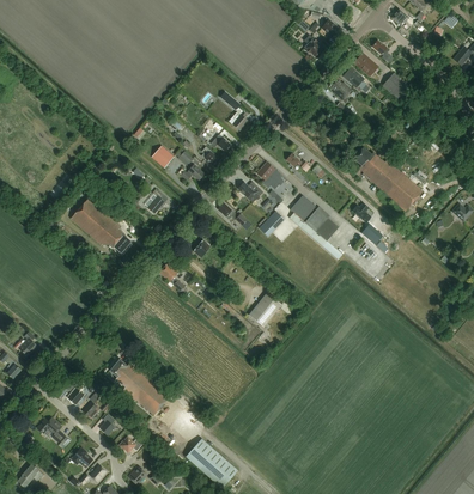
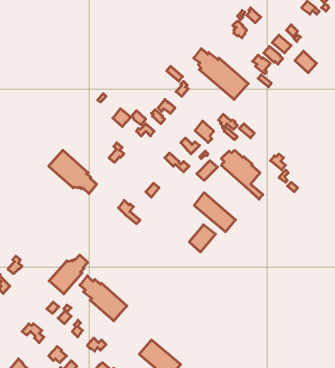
building: [353,146,423,211] -> [194,49,248,100]
building: none -> [194,193,236,232]
building: none -> [49,255,88,294]

